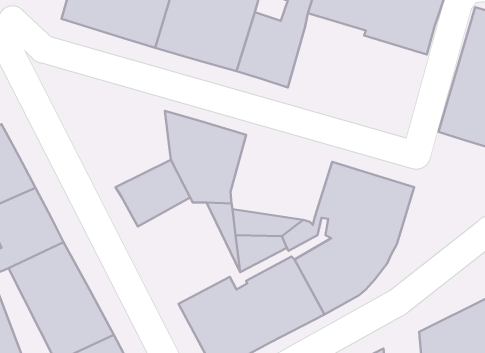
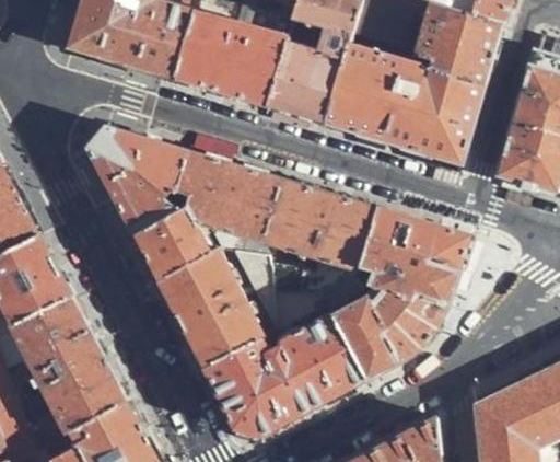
building: none -> [327,55,485,164]
building: none -> [86,125,195,236]
building: none -> [262,177,377,270]
building: none -> [158,249,262,369]

